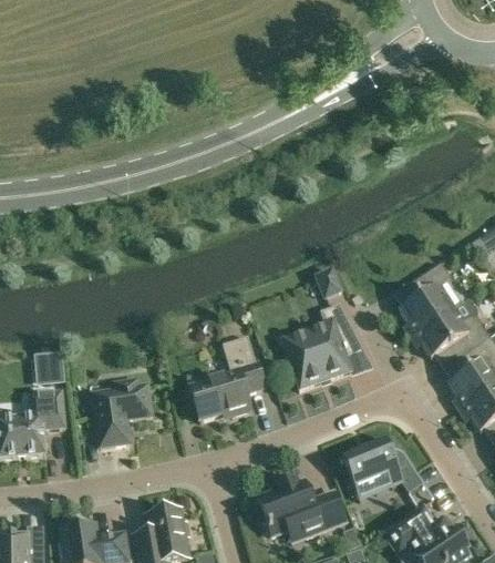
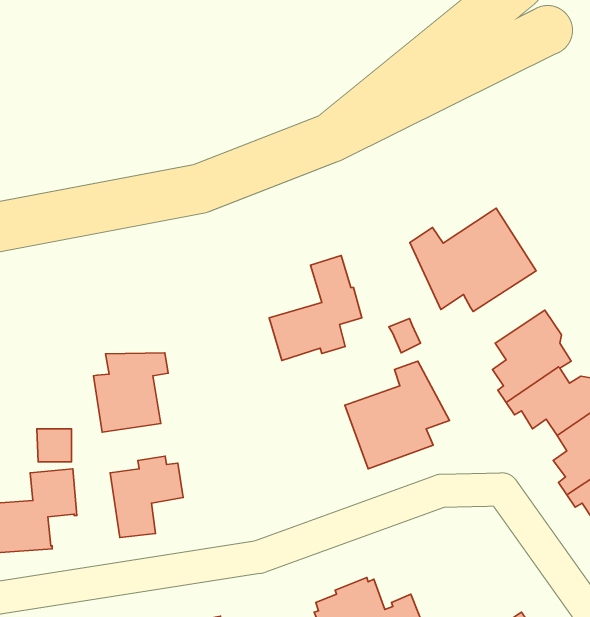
building: none -> [410,208,536,312]
building: none -> [93,353,168,432]
building: [190,337,265,421] -> [269,256,362,360]
building: [341,437,424,501] -> none

